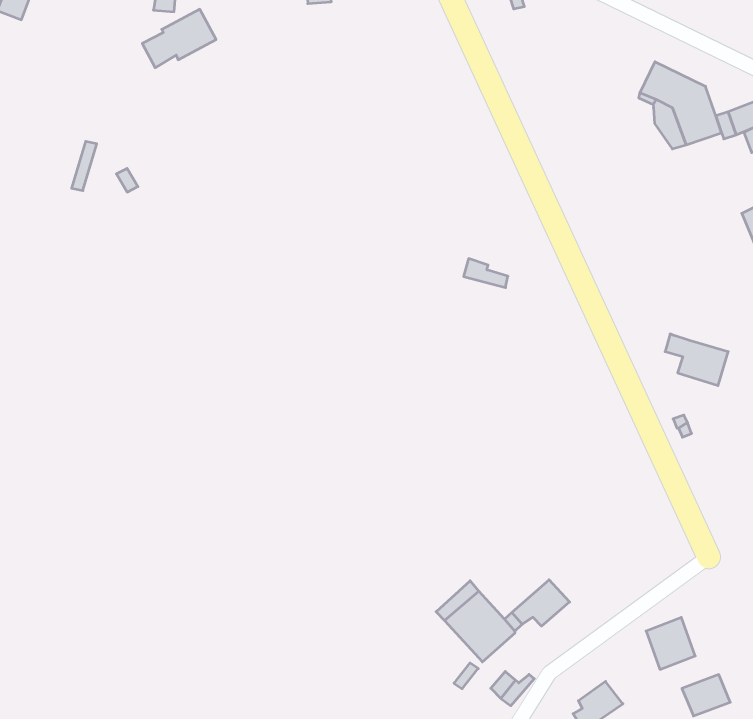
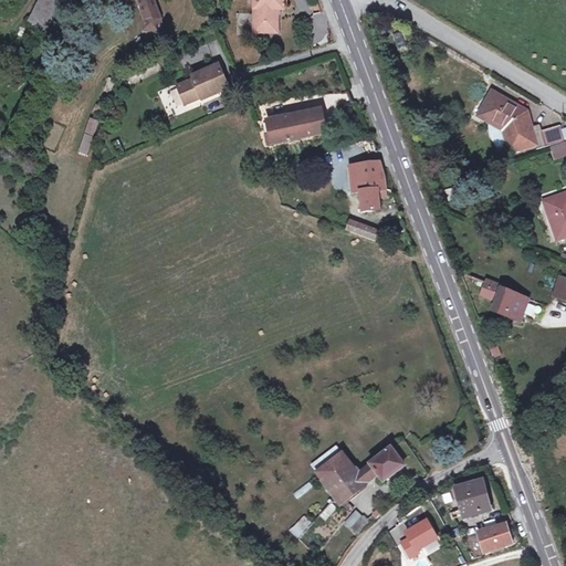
building: [142,9,216,68] -> [177,63,229,102]
building: none -> [264,107,325,143]
building: none -> [356,160,386,209]

